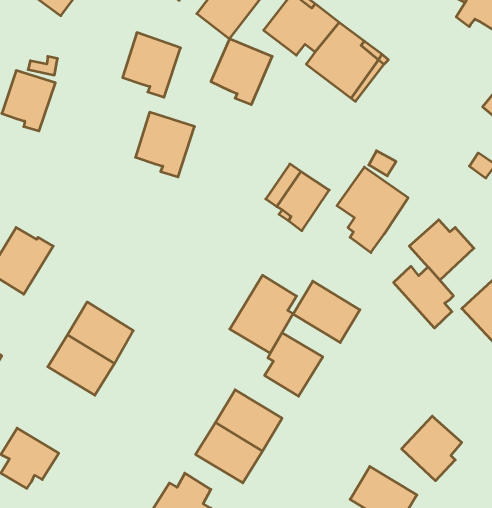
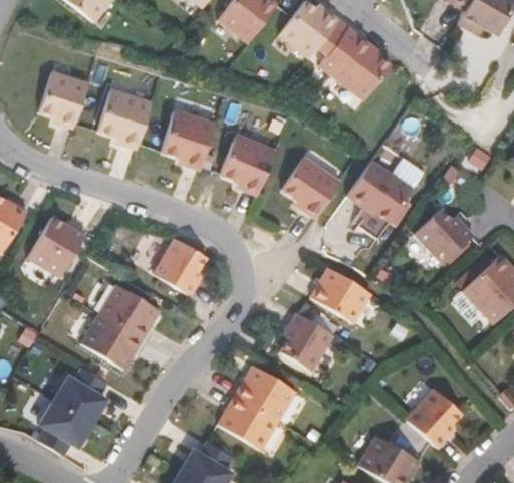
building: [123,33,181,97] -> [98,89,152,149]
building: [211,39,272,105] -> [220,135,276,195]
building: [394,266,453,328] -> none
building: [230,275,297,353] -> [145,238,206,309]
building: none -> [53,368,106,423]

